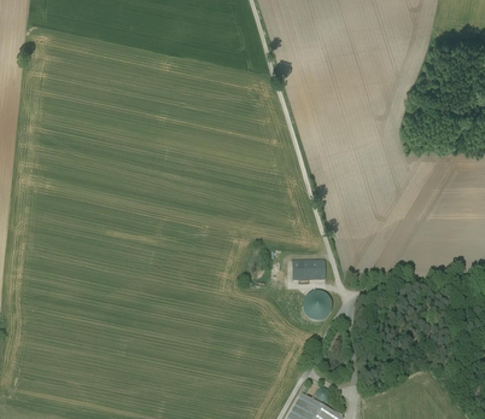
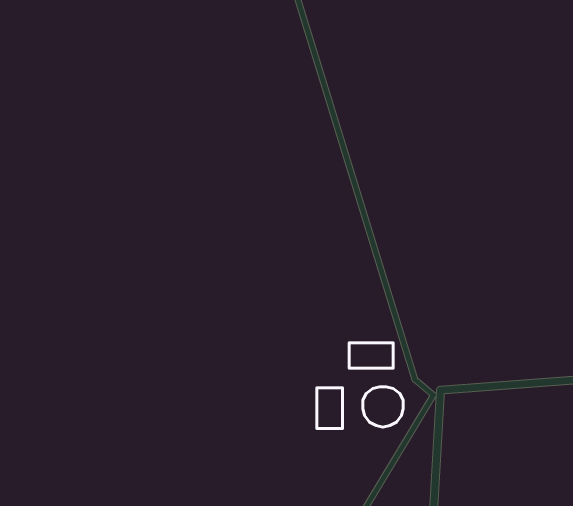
building: none -> [317,388,342,429]

